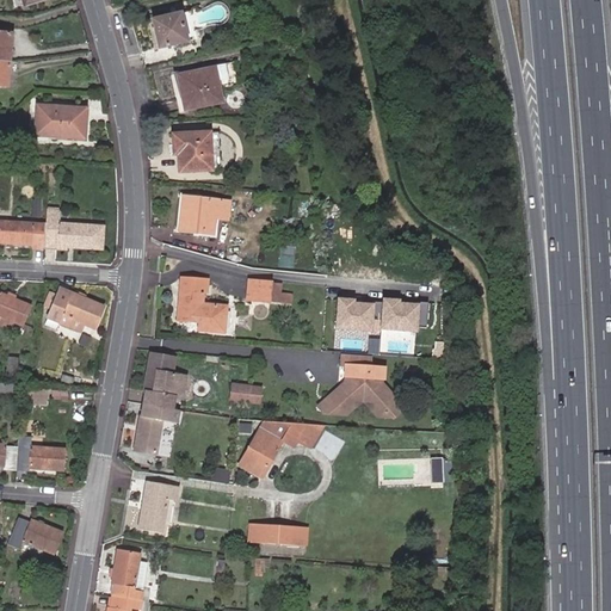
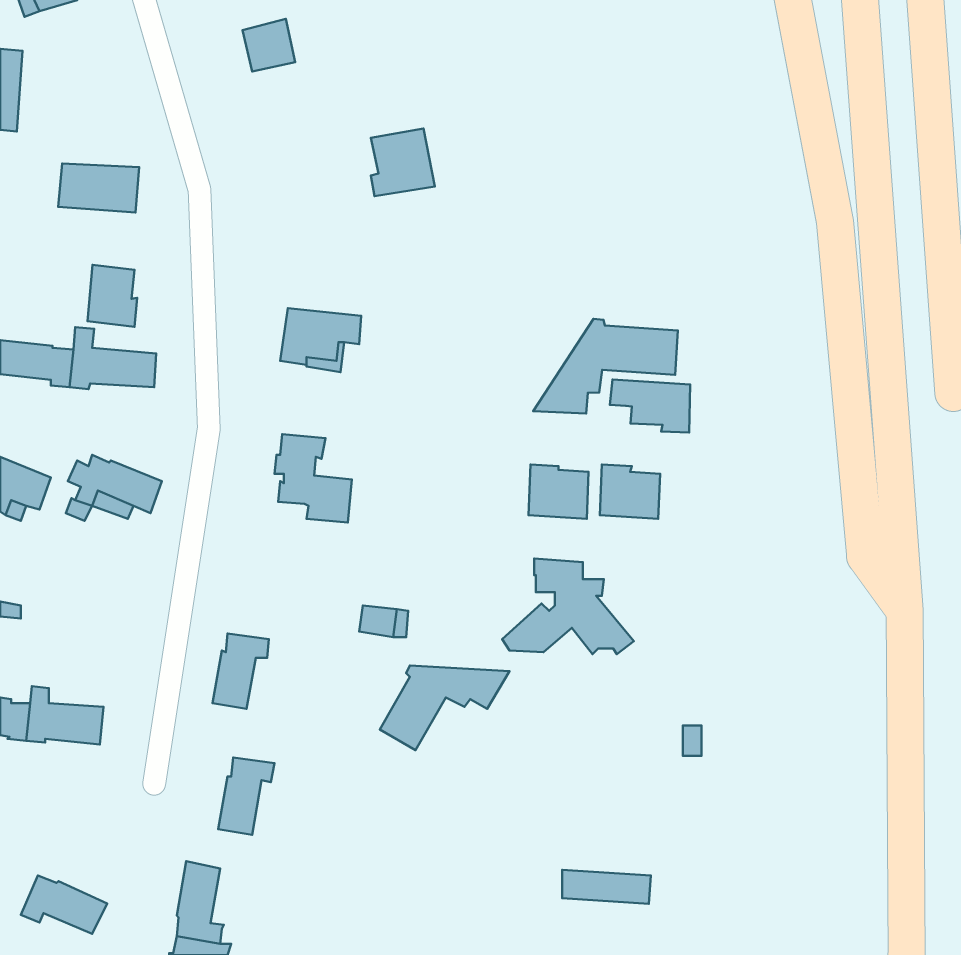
building: [181,67,222,110] -> [371,128,435,196]
building: [172,132,211,171] -> none
building: none -> [87,265,137,327]
building: none -> [533,319,678,414]
building: none -> [610,380,690,432]
building: [245,280,289,304] -> none
building: [144,351,185,406] -> none
building: [8,513,63,550] -> [21,875,107,934]
building: [252,524,308,545] -> [562,870,651,904]

